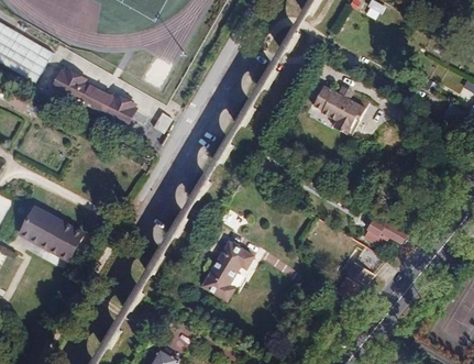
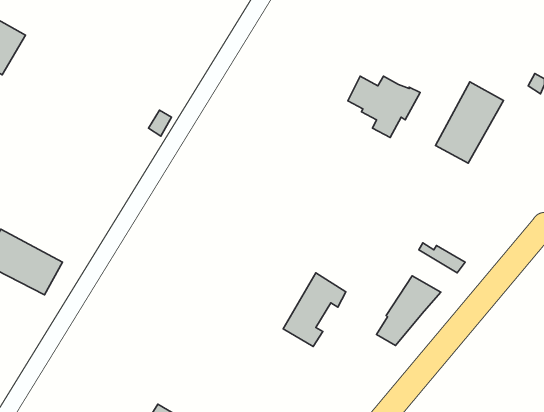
building: [52,69,135,129] -> none
building: none -> [435,82,503,163]
building: [202,241,253,300] -> [283,273,346,347]

